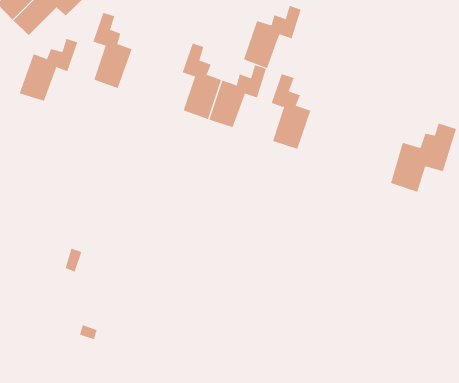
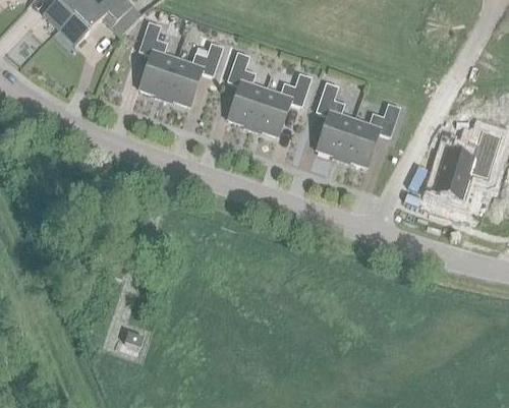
building: [243,5,301,69] -> [342,104,400,167]
building: [19,38,78,102] -> [164,43,223,106]

